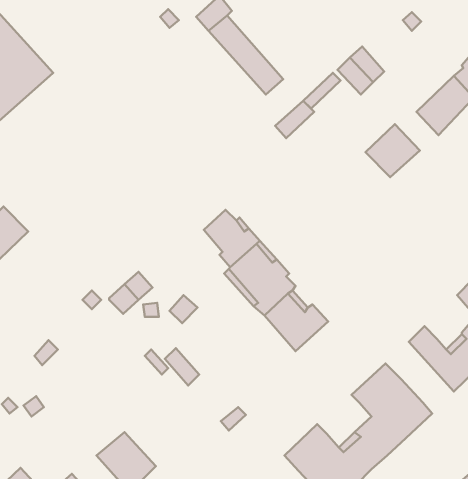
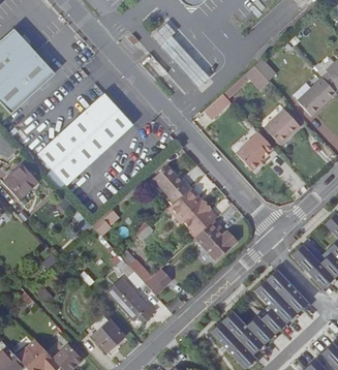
building: none -> [38,93,133,184]
building: none -> [236,131,273,169]
building: none -> [146,267,174,295]
building: none -> [107,278,155,320]

